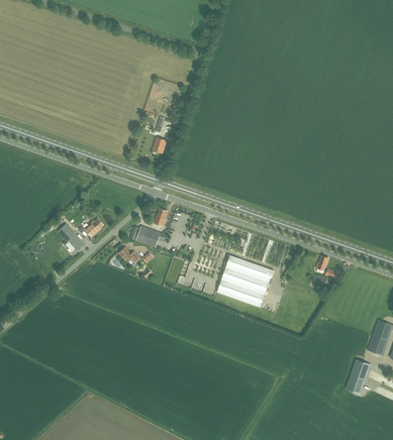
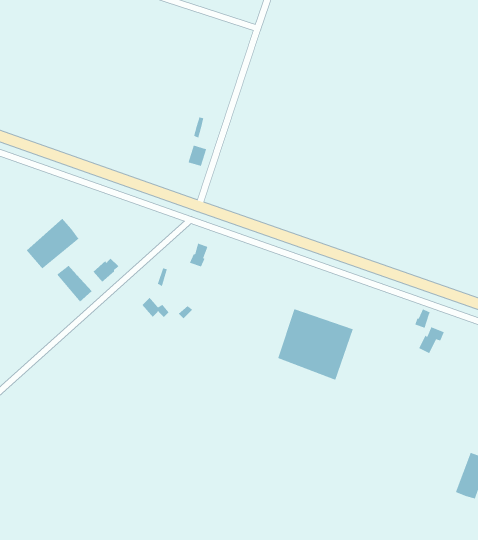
building: none -> [26,218,80,270]
building: [136,225,168,246] -> none

